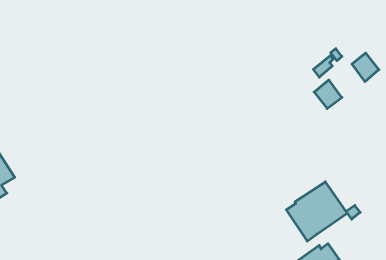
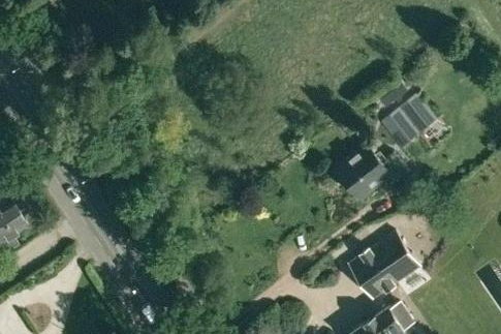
building: [352,53,379,82] -> [399,97,431,131]
building: none -> [336,146,389,199]

